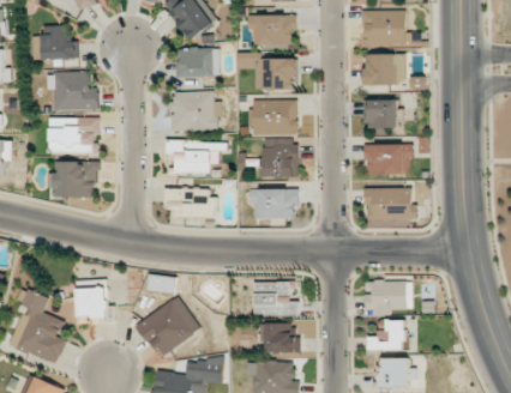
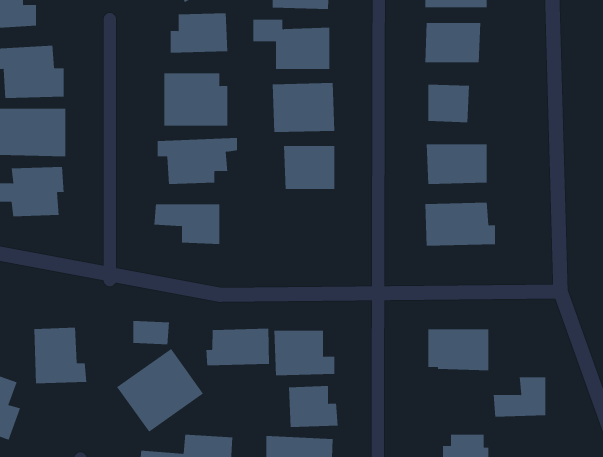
building: [248,189,296,219] -> none
building: none -> [206,328,269,366]
building: [366,321,405,351] -> [493,377,546,417]

